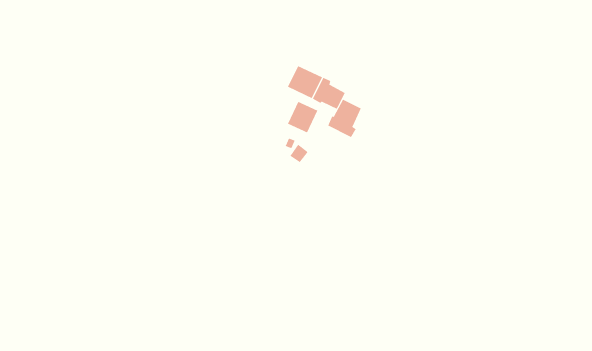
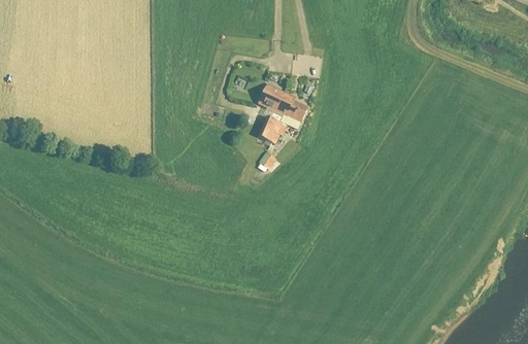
building: [327,99,362,138] -> none

